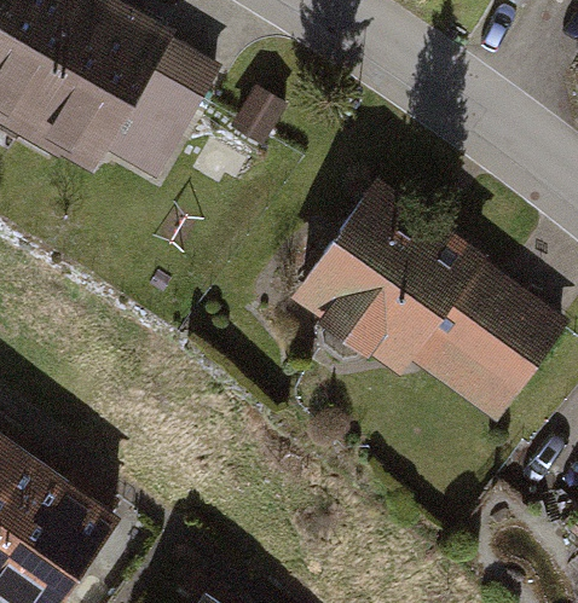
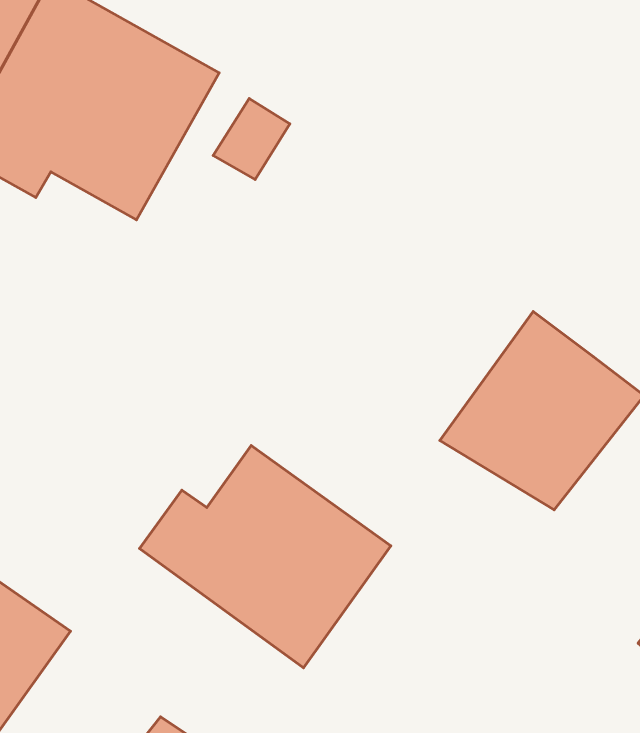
building: [282,174,481,372] -> none
building: none -> [139,445,391,668]

